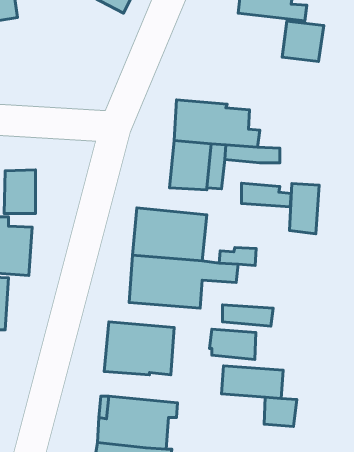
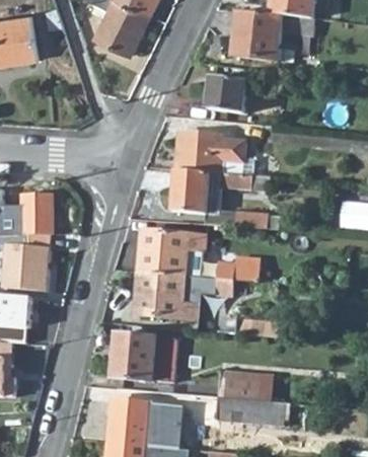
building: [282,21,324,62] -> [210,76,247,112]
building: [289,183,319,234] -> none
building: [210,329,256,360] -> [216,397,257,425]

